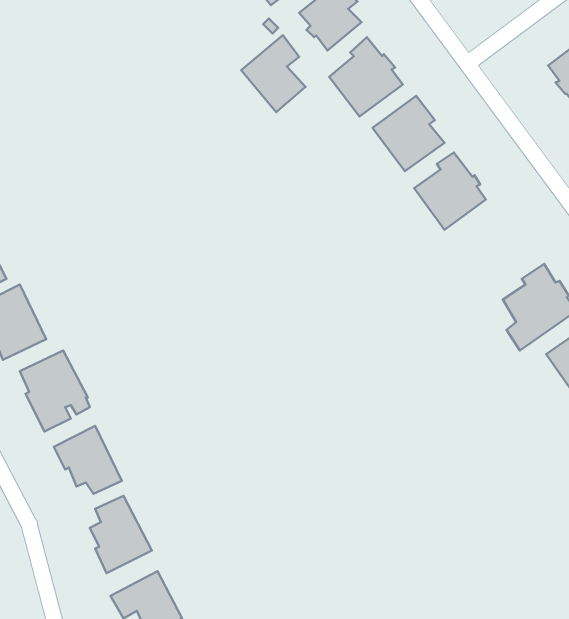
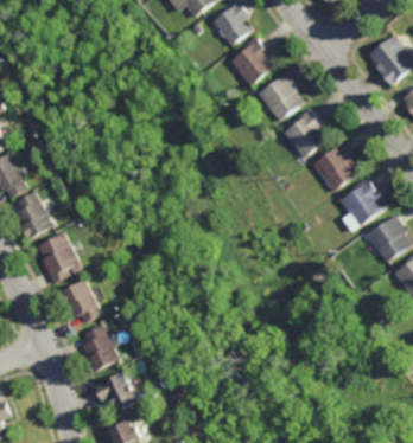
building: [241,35,306,112] -> none
building: none -> [313,143,357,190]

